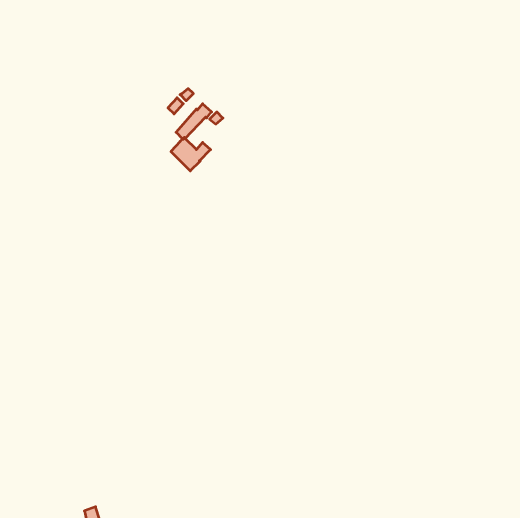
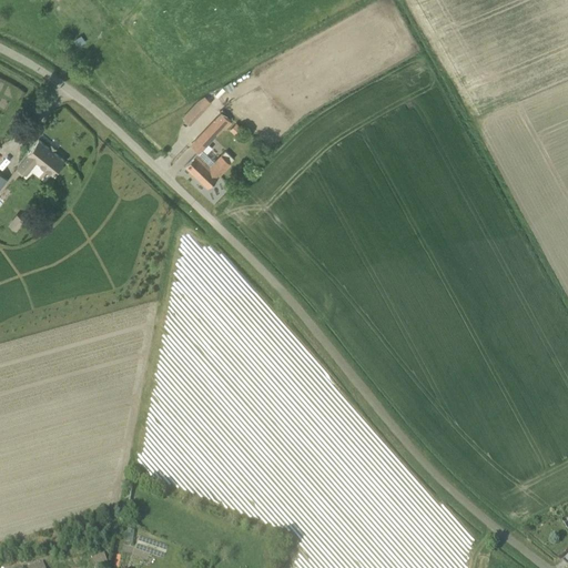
building: none -> [17,142,64,178]

